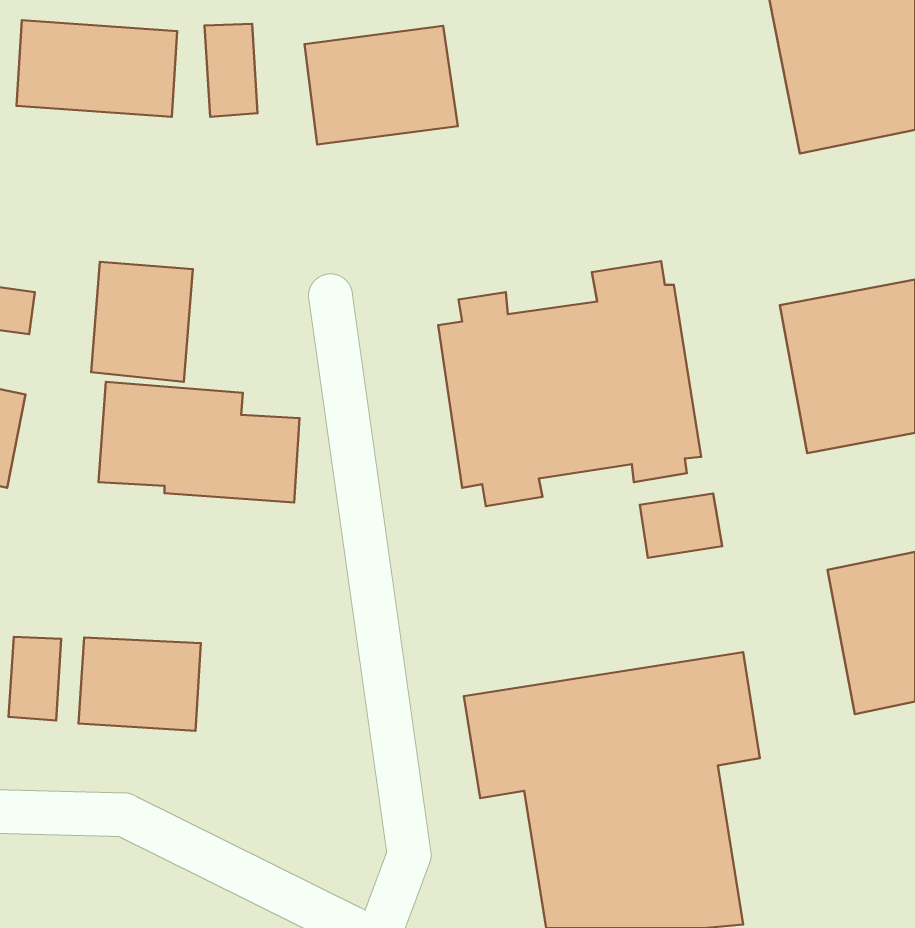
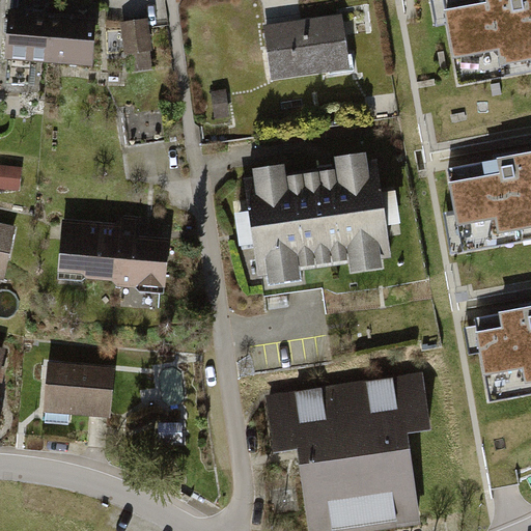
building: [304,26,458,145] -> [262,10,350,78]
building: [91,262,193,382] -> none
building: [640,493,722,558] -> none
building: [9,637,61,721] -> none

